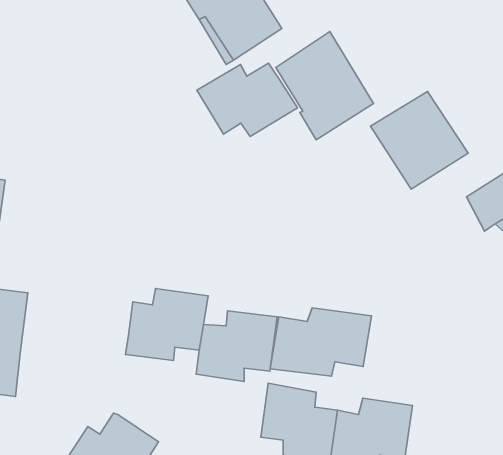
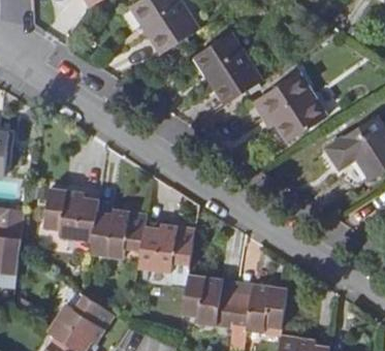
building: [197,63,297,137] -> none
building: none -> [44,186,98,241]
building: [270,308,371,376] -> none

